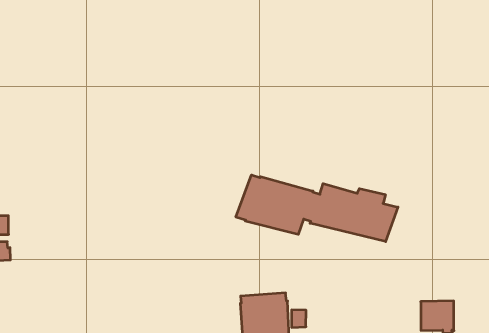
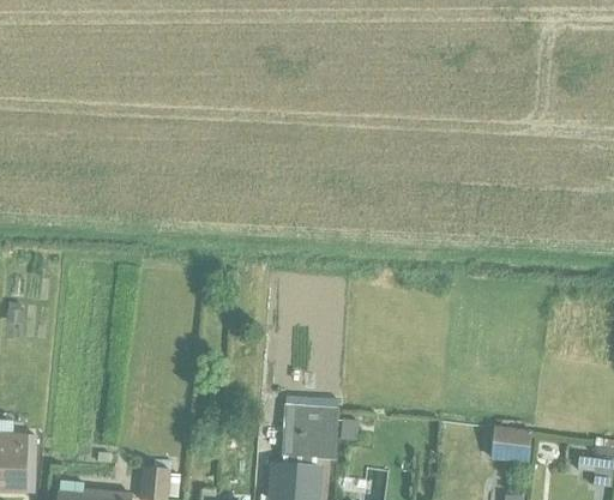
building: [236,175,398,242] -> none

